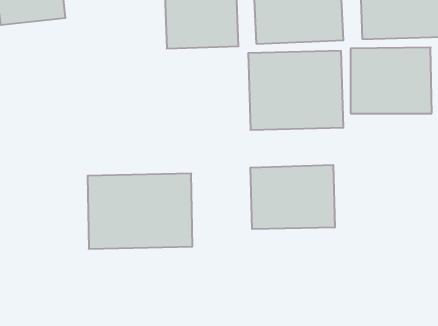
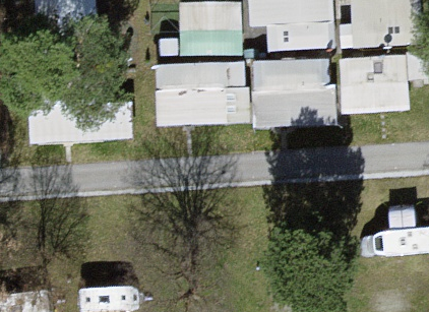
building: [251,165,335,229] -> none
building: [88,173,192,249] -> [156,60,246,125]

